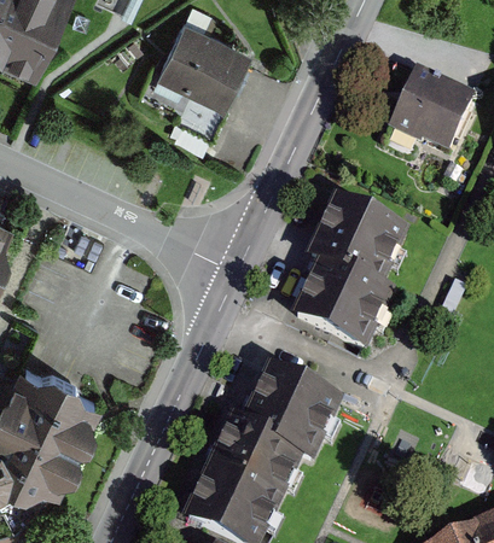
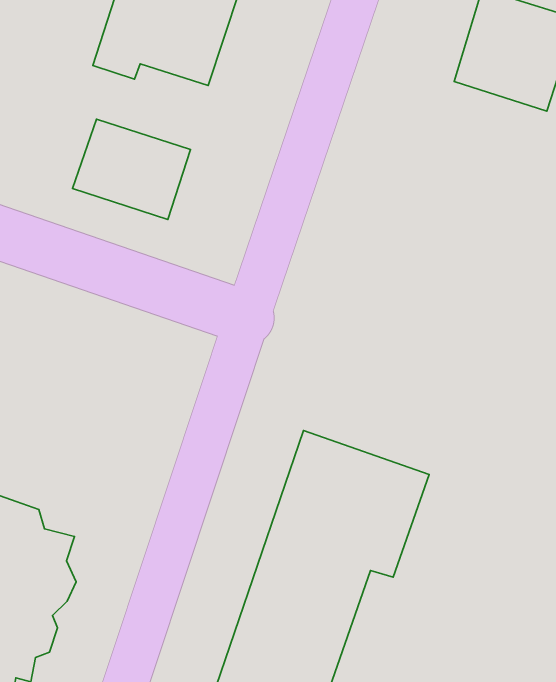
building: none -> [73,119,190,220]
building: [285,197,409,352] -> none

